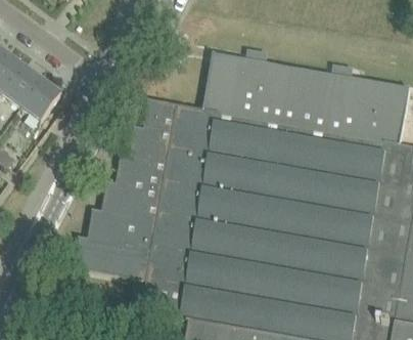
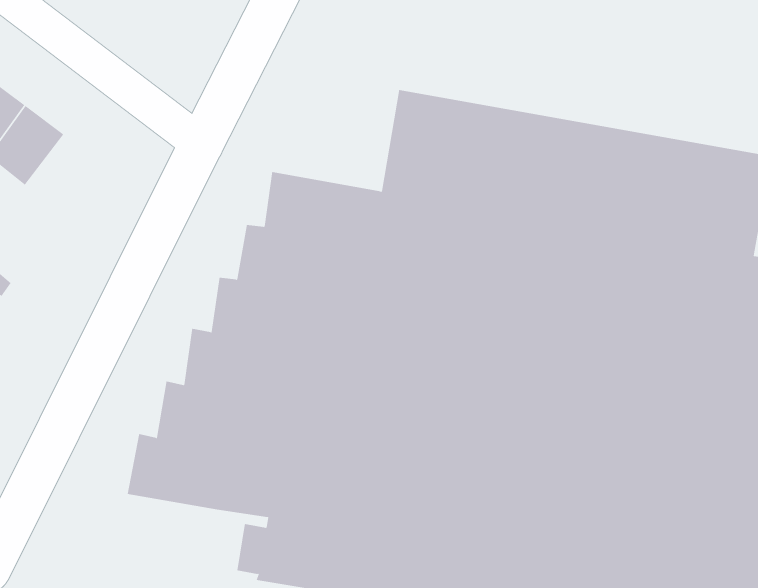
building: [17,77,57,118] -> none

